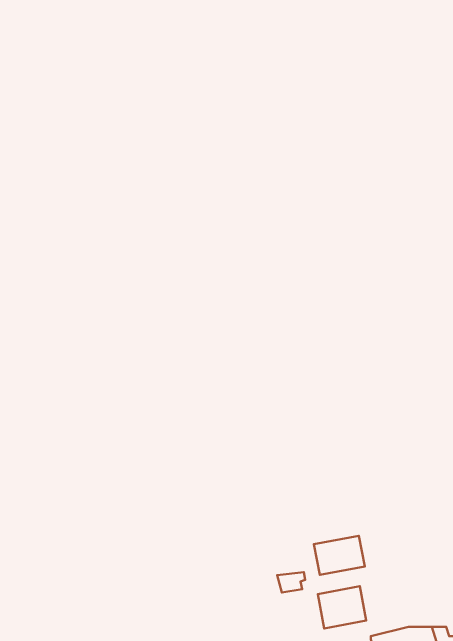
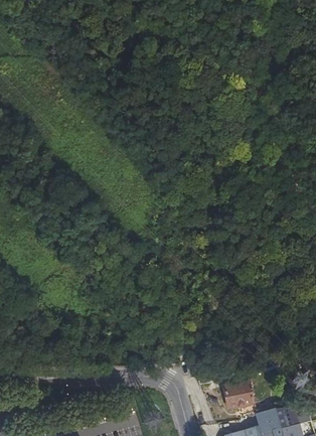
building: [314,536,365,575] -> none

